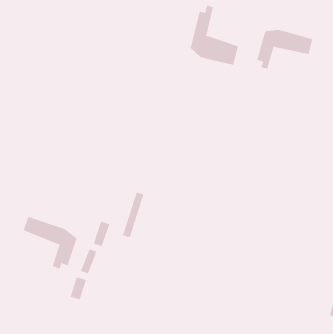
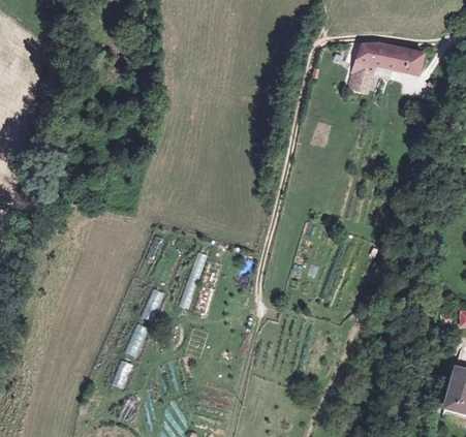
building: [190,5,239,66] -> none
building: [23,216,77,269] -> none

